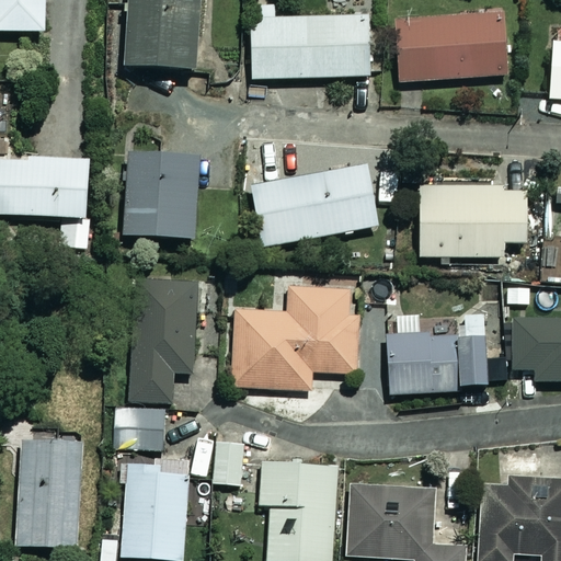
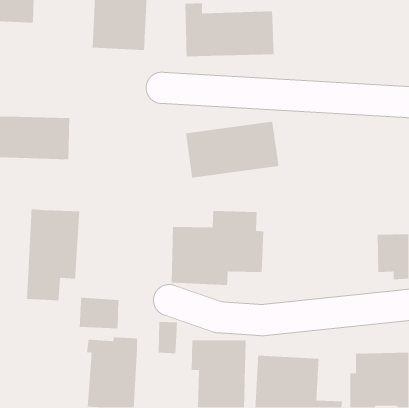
building: [397,11,510,85] -> none
building: [123,153,201,239] -> none
building: [420,185,527,255] -> none
building: [125,276,198,402] -> [26,209,80,301]
building: [388,312,504,391] -> none
building: [18,440,81,547] -> none

